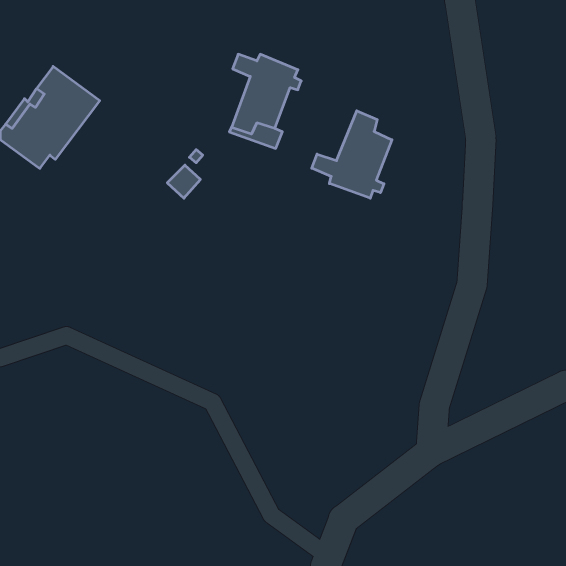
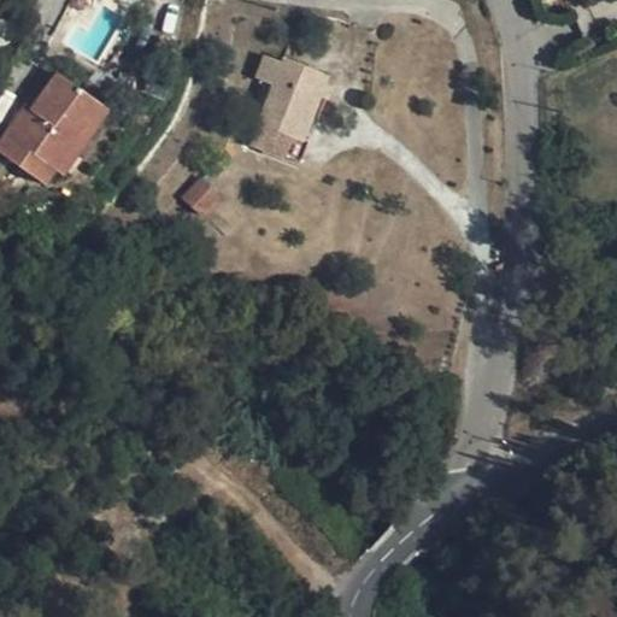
building: [312,111,392,198] -> none

